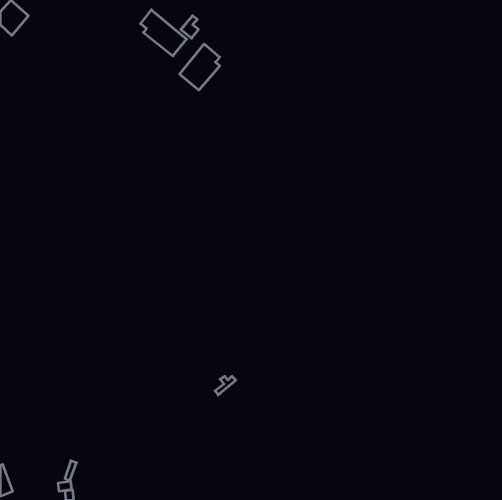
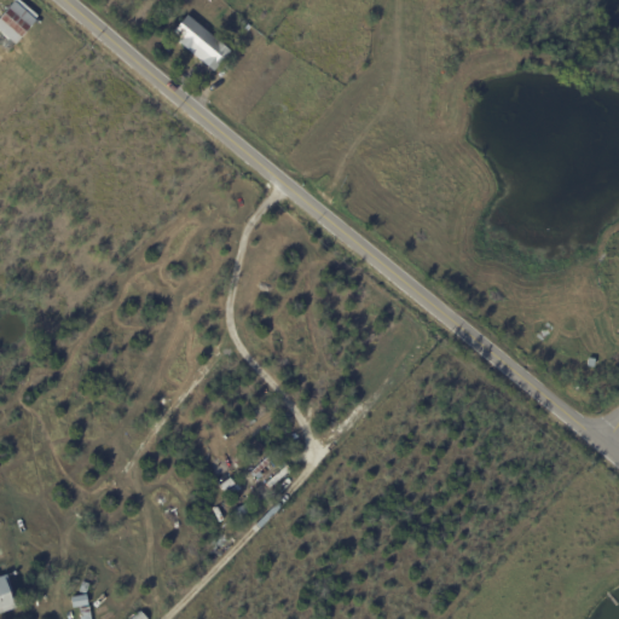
building: [180,44,220,90] -> none

